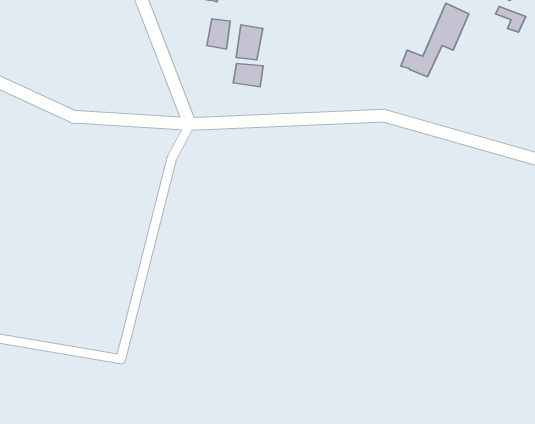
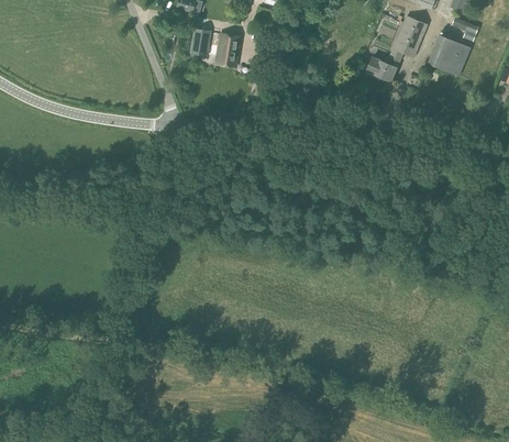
building: none -> [427,34,471,77]
building: [233,63,263,87] -> none

